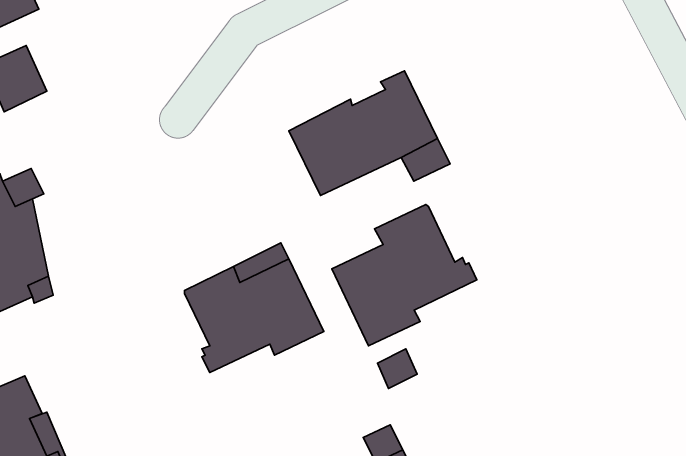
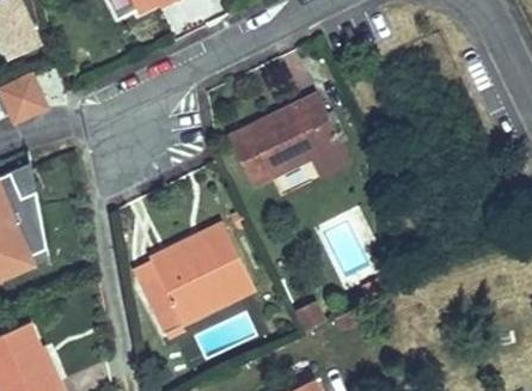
building: [332,204,477,346] -> none
building: none -> [134,261,218,332]

